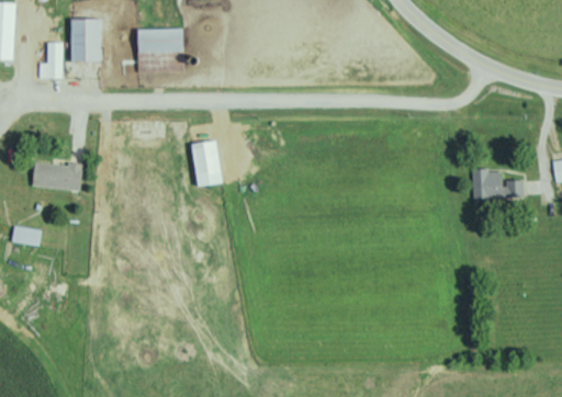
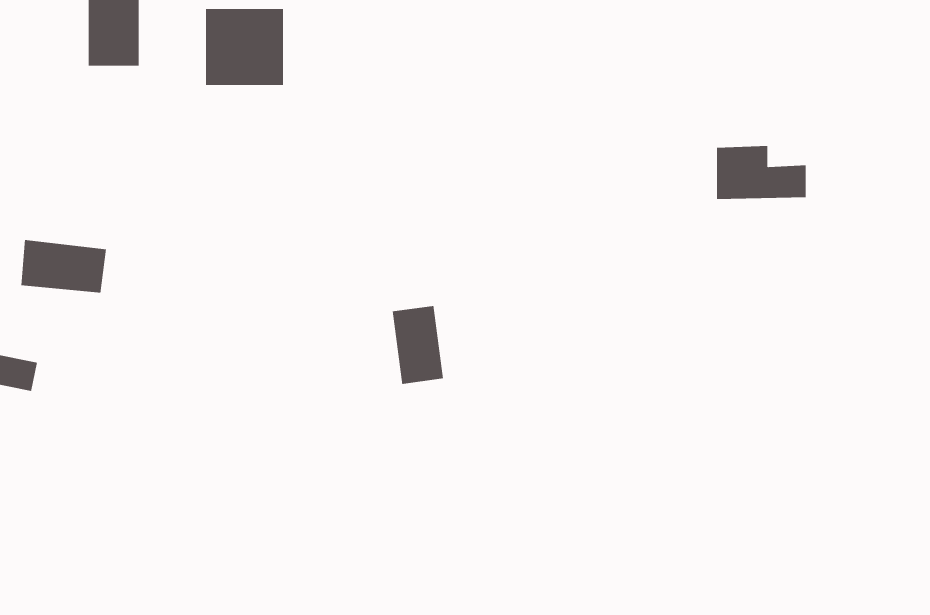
building: [41,43,61,78] -> none
building: [191,141,221,186] -> [392,305,444,384]
building: [472,169,524,200] -> [716,146,807,199]

